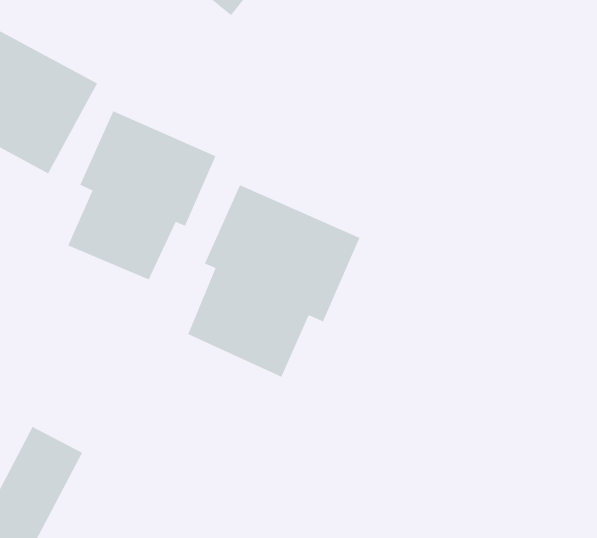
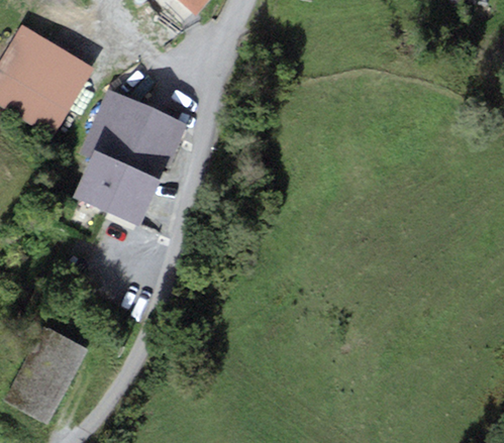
building: [187,184,360,378] -> none

